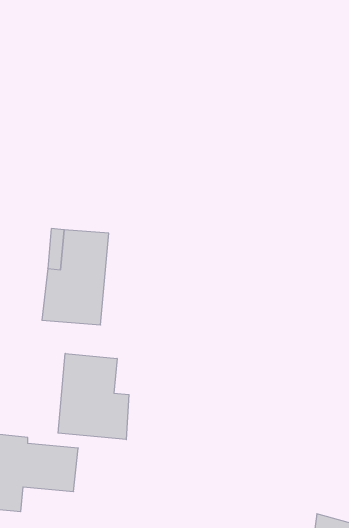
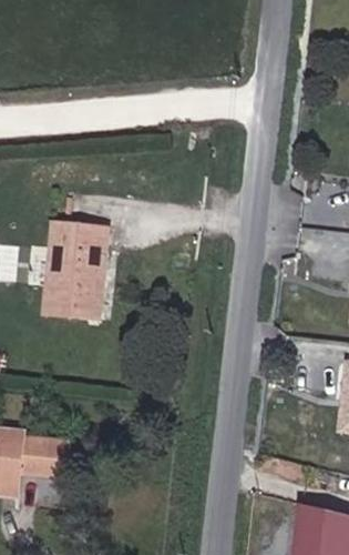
building: [58,353,129,440] -> none

